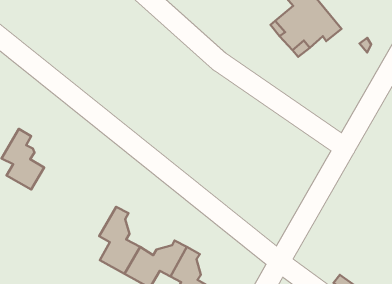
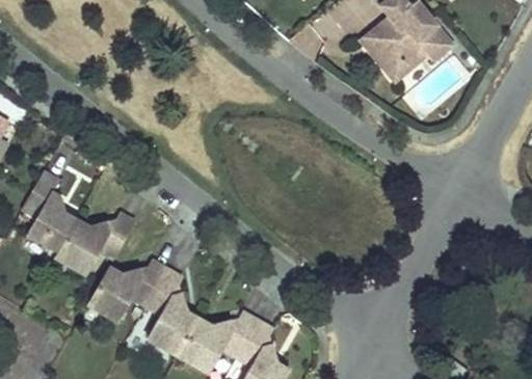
building: none -> [55,211,134,271]
building: none -> [86,261,166,322]

